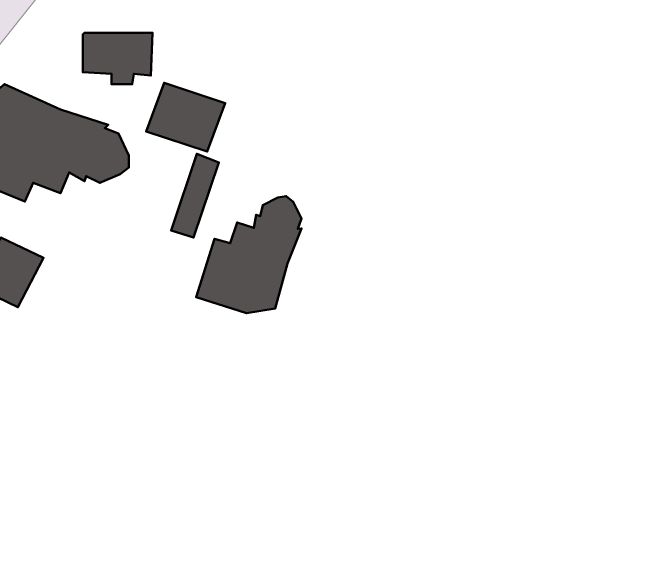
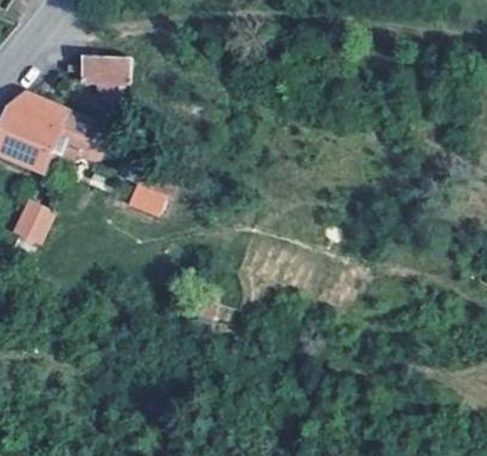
building: [146,83,225,152] -> none
building: [196,196,302,313] -> none

